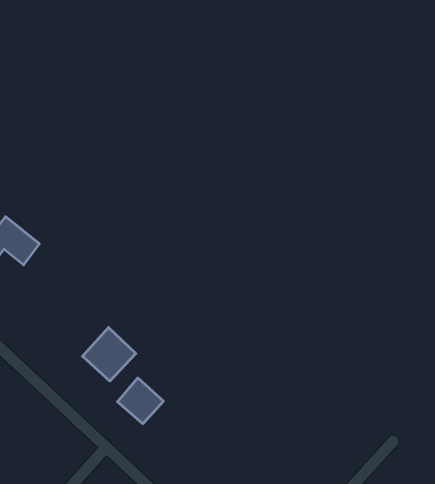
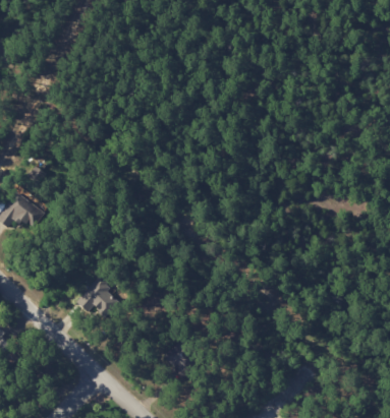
building: [117,378,163,424] -> none

